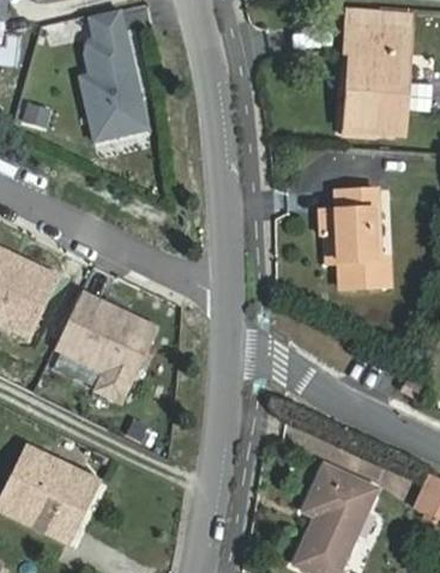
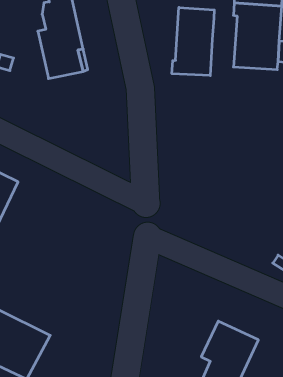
building: none -> [172,7,214,76]
building: [318,189,390,289] -> none
building: [53,292,156,403] -> none

